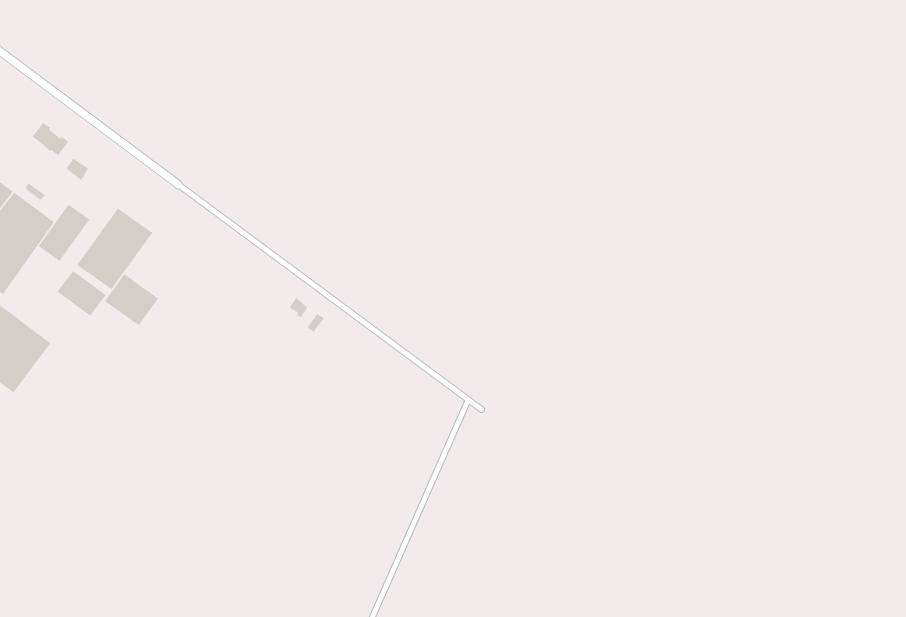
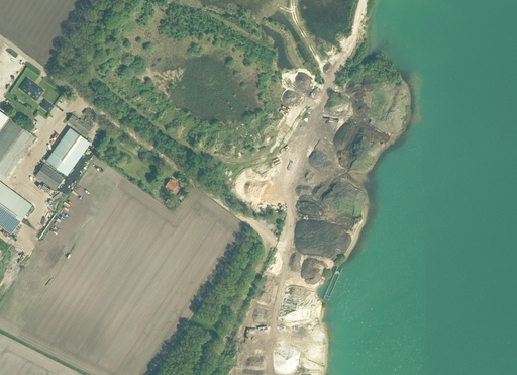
building: [38,204,90,262] -> none
building: [104,273,159,326] -> none

